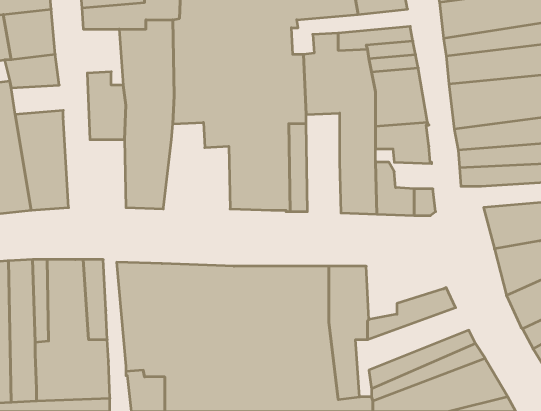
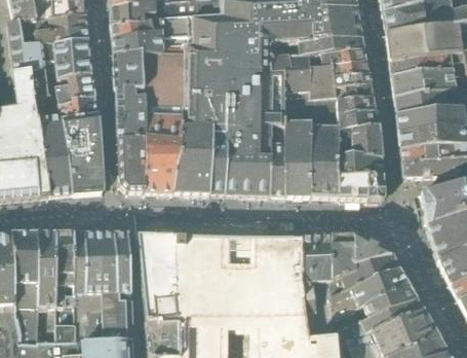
building: none -> [273,38,364,73]
building: none -> [113,53,144,97]
building: none -> [57,97,98,119]
building: none -> [284,118,311,195]
building: none -> [174,126,226,192]
building: none -> [118,139,146,191]
building: none -> [338,146,382,177]
building: none -> [330,236,390,278]
building: none -> [322,268,410,337]

